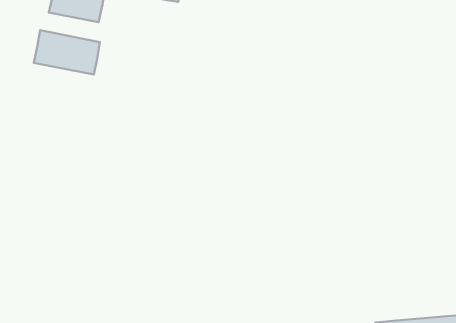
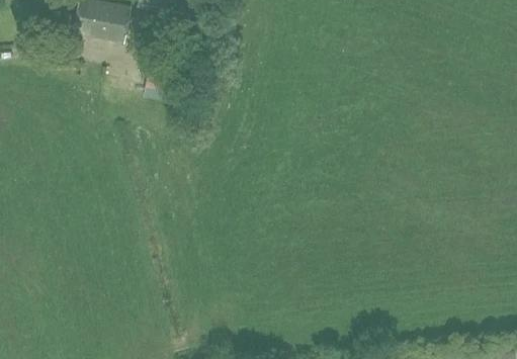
building: [34,30,100,75] -> none

